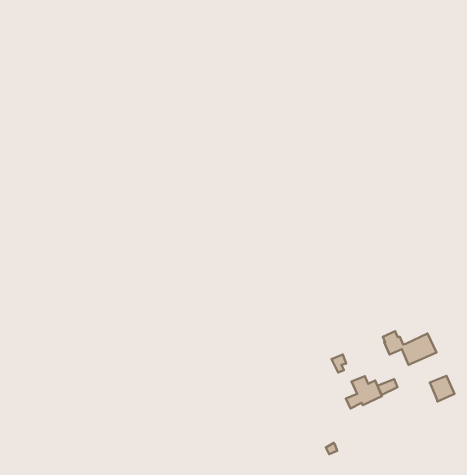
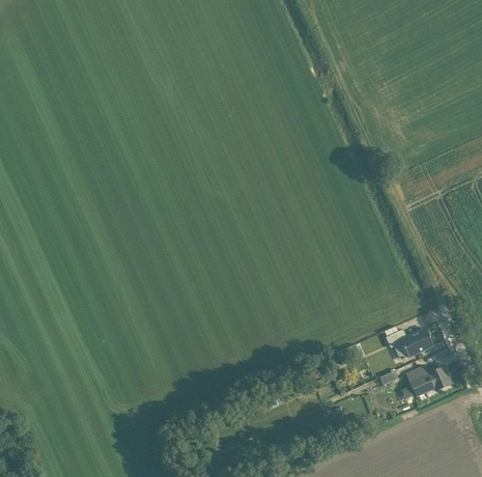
building: [346,376,382,408] -> [401,368,434,398]

